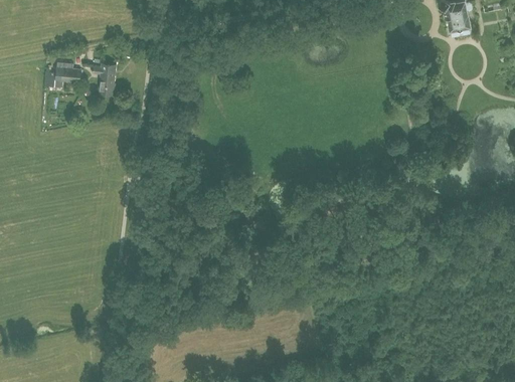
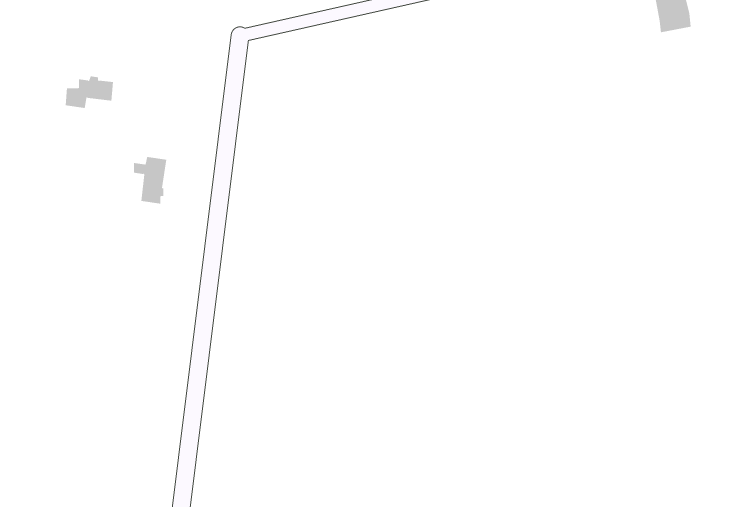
building: [93,61,116,93] -> [133,157,167,204]

